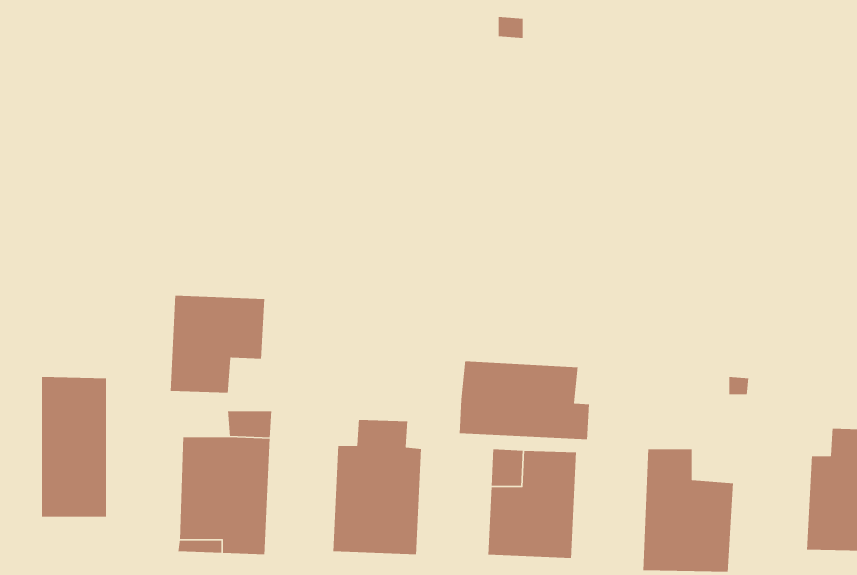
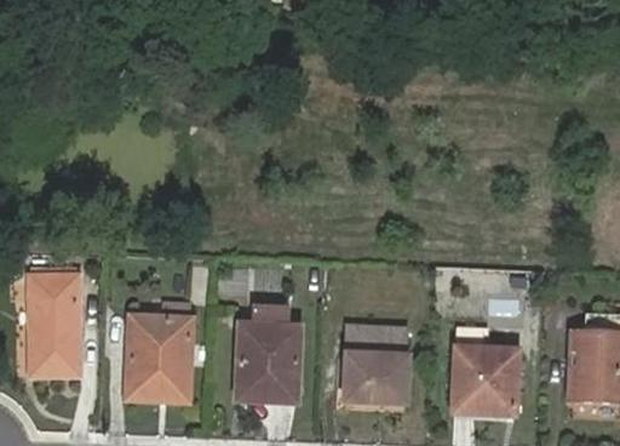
building: [170,295,265,394] -> none
building: [459,361,590,440] -> none

